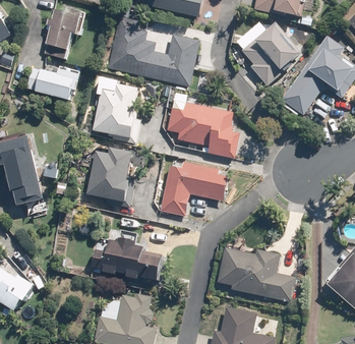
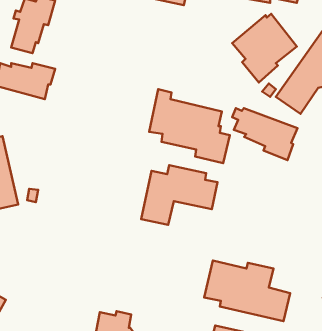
building: [107,16,199,85] -> none
building: [95,82,141,142] -> none
building: none -> [232,108,297,160]
building: [88,146,136,207] -> none
building: [94,236,167,279] -> none

